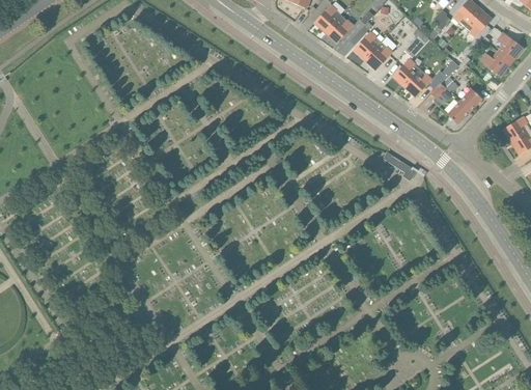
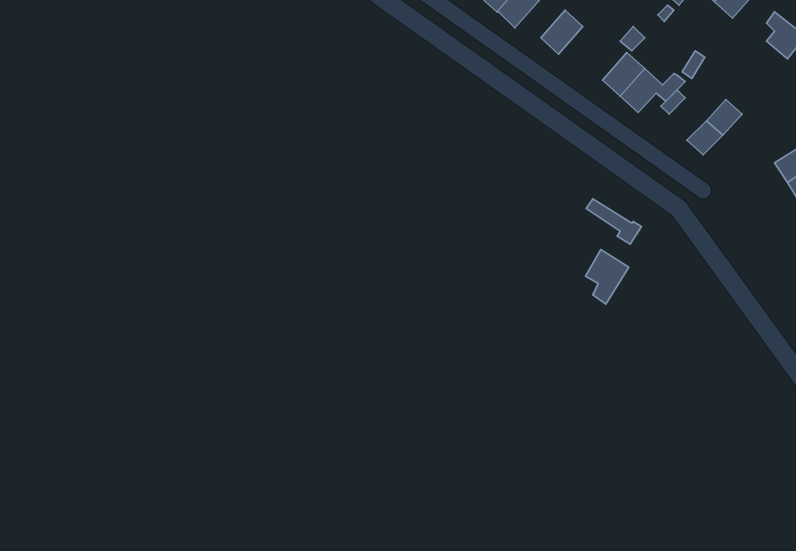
building: [365,36,396,69] -> none
building: [480,51,511,77] -> none
building: none -> [586,250,629,304]

